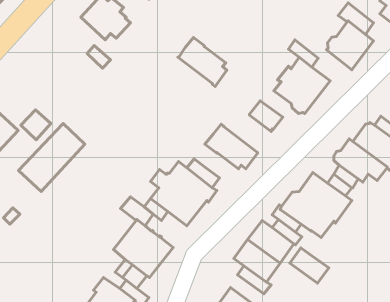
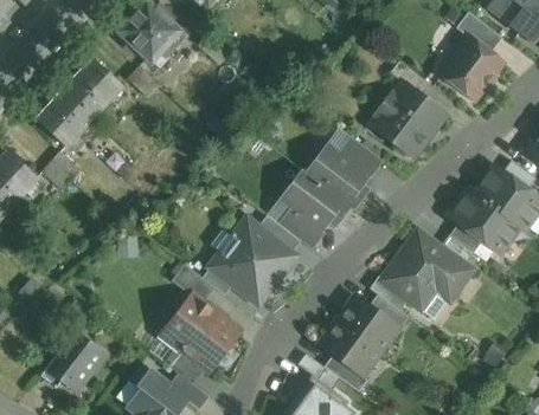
building: [178,37,227,86] -> [306,147,370,210]
building: [19,123,85,191] -> [37,59,123,148]
building: none -> [283,207,326,249]
building: [290,248,329,283] -> none
building: none -> [40,332,102,389]

